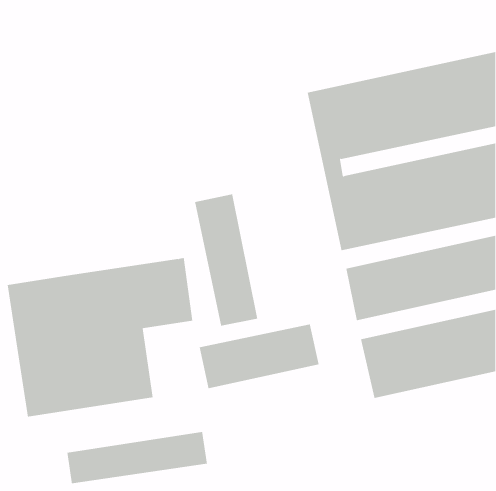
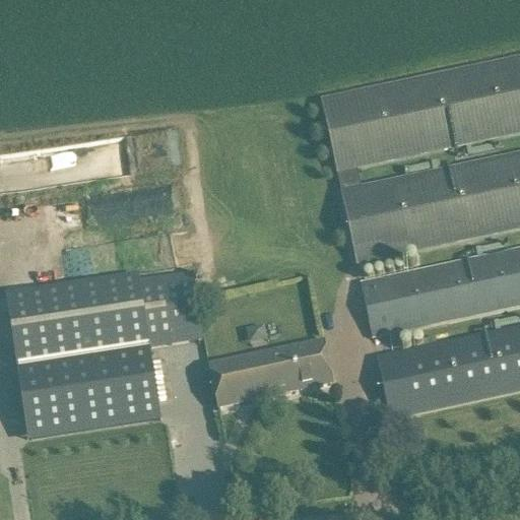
building: [194,193,258,327] -> none
building: [67,431,208,484] -> none

